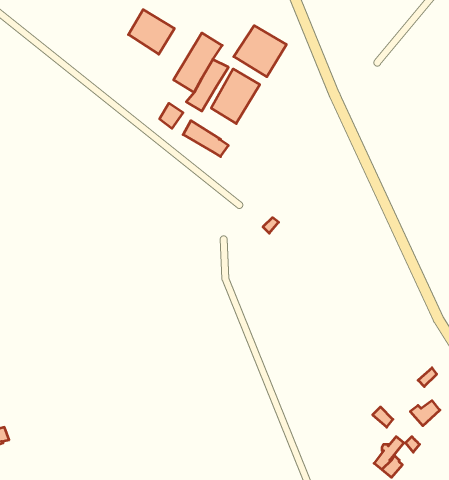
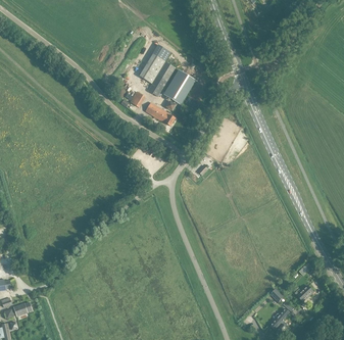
building: [128,10,174,54] -> none
building: [234,26,286,77] -> none

